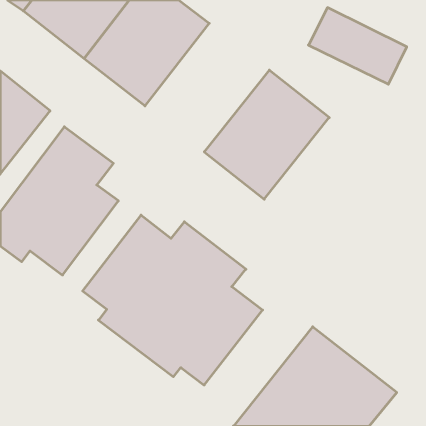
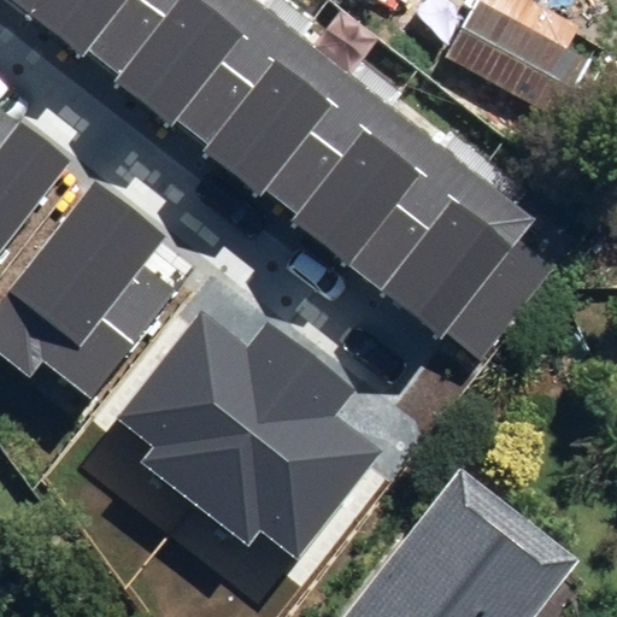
building: none -> [210,34,389,219]
building: none -> [382,170,551,358]

